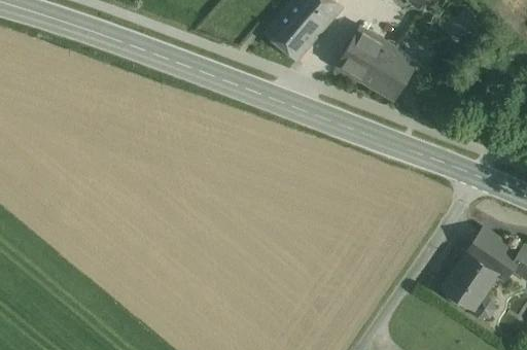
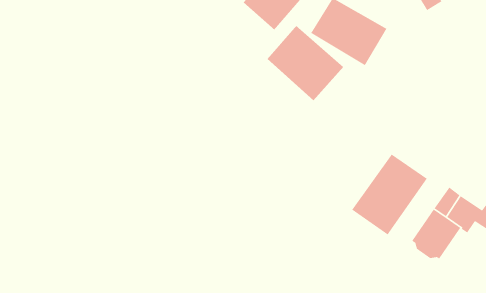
building: none -> [267,25,344,101]
building: none -> [351,154,428,236]

